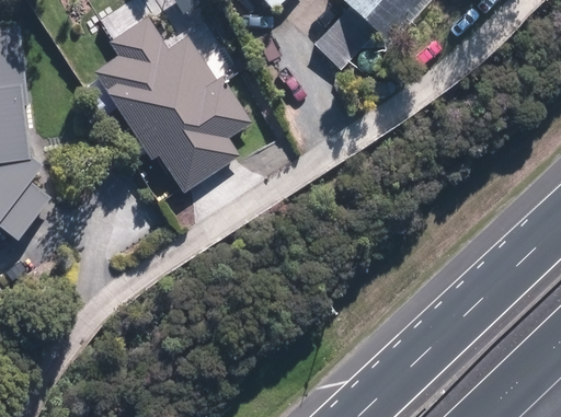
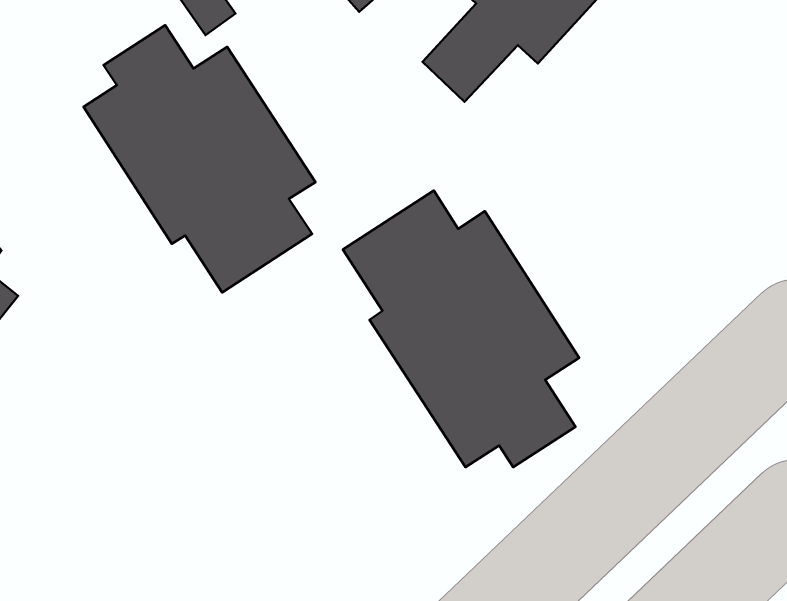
building: none -> [343,190,579,467]

